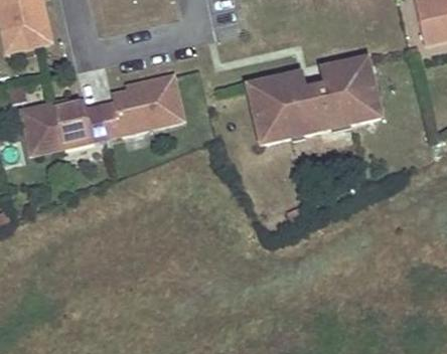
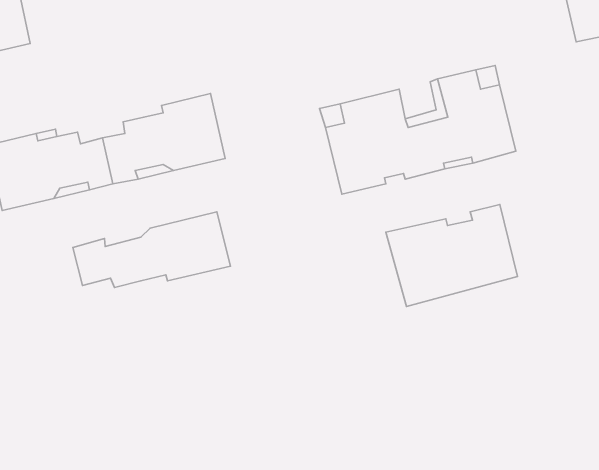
building: none -> [386,204,517,307]
building: none -> [73,212,230,288]

